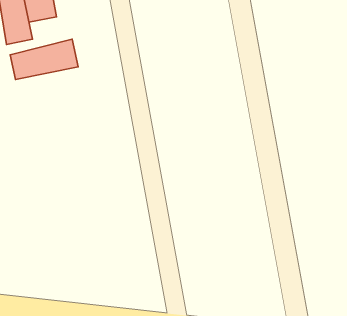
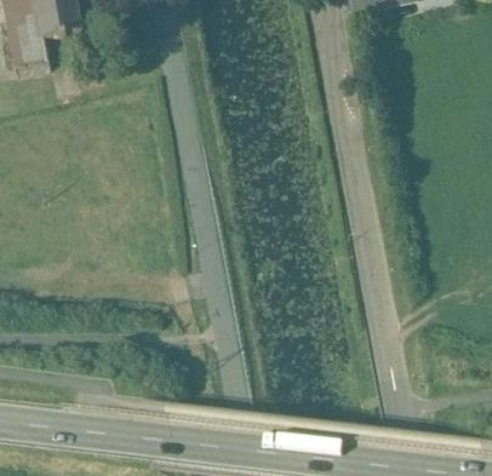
building: [10,39,78,80] -> none

